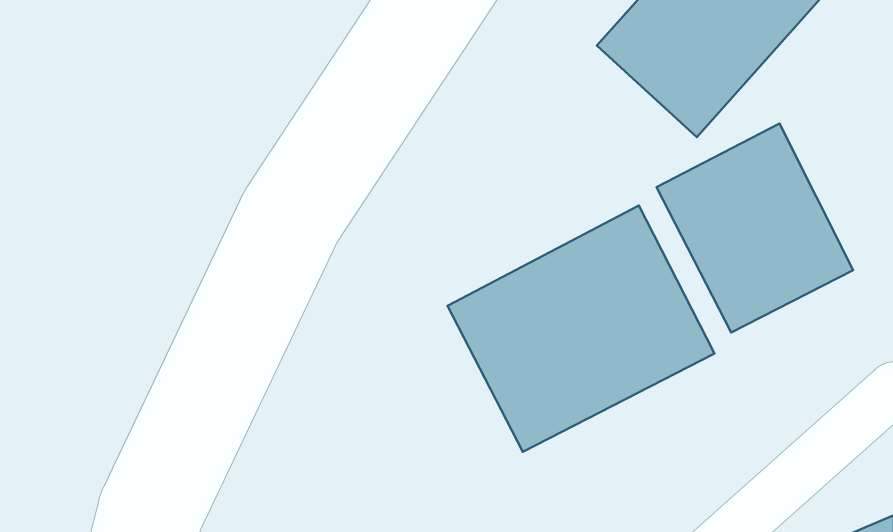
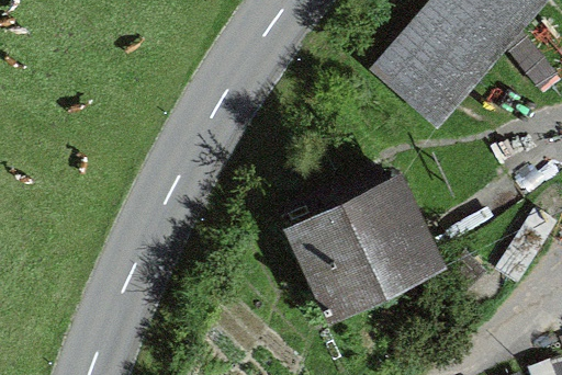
building: [656,124,853,332] -> none

